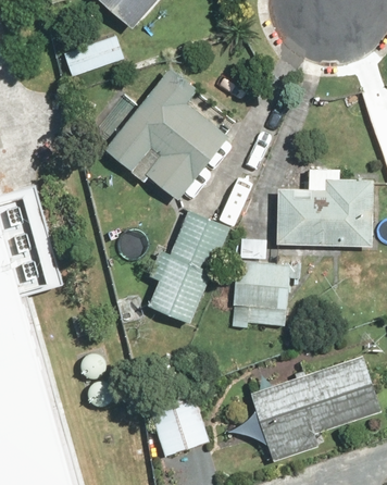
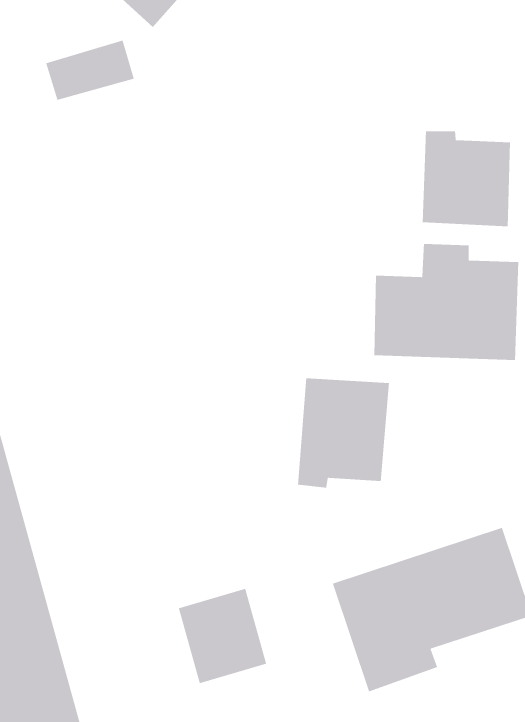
building: [104,64,230,196] -> none
building: none -> [422,131,511,227]
building: [145,211,229,323] -> none

